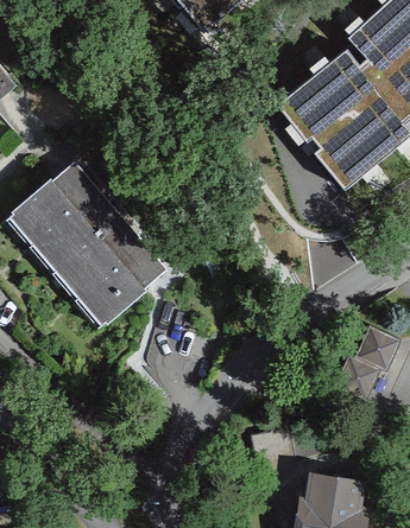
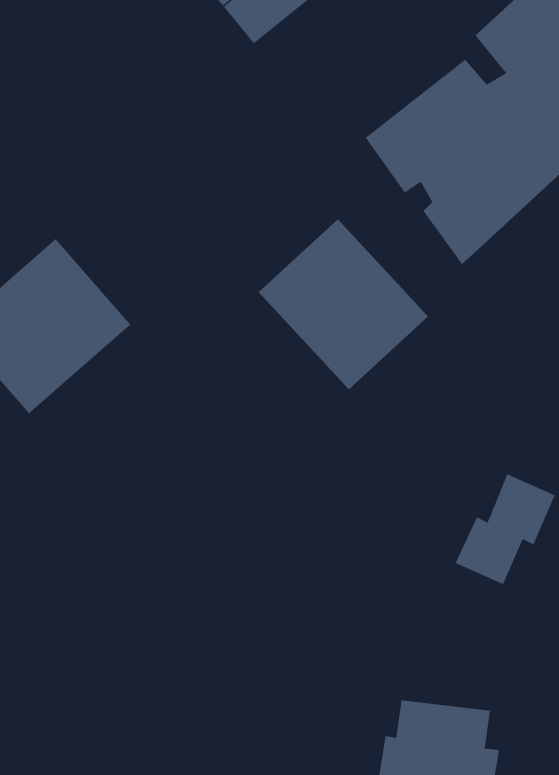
building: none -> [258,218,429,390]
building: [57,223,172,336] -> none

